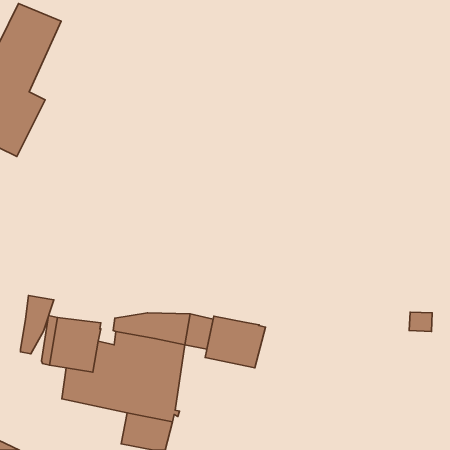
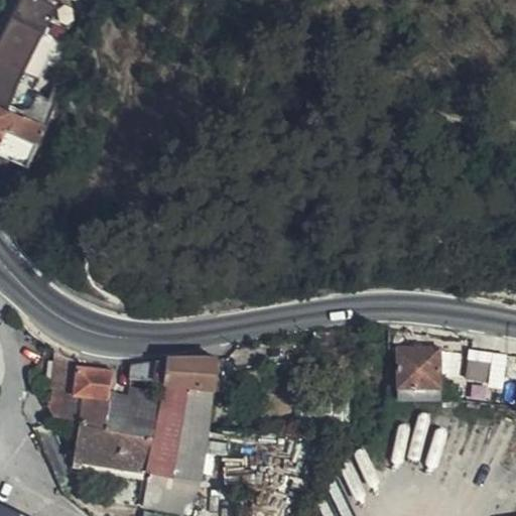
building: [21,296,54,354] -> none
building: none -> [395,354,437,397]
building: [205,316,265,368] -> none

